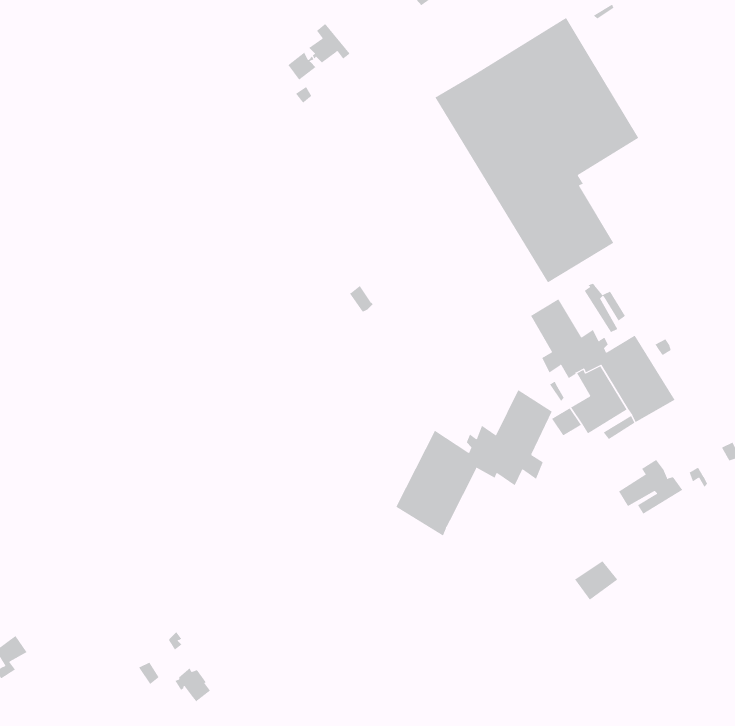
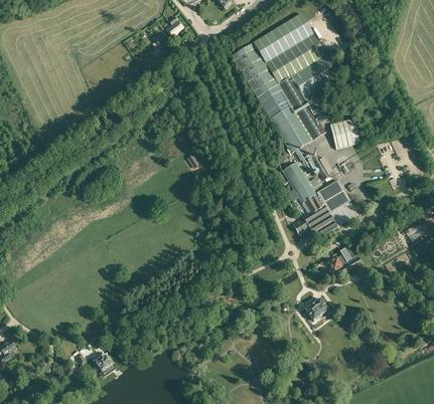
building: none -> [329,119,358,149]
building: [395,389,552,537] -> none

